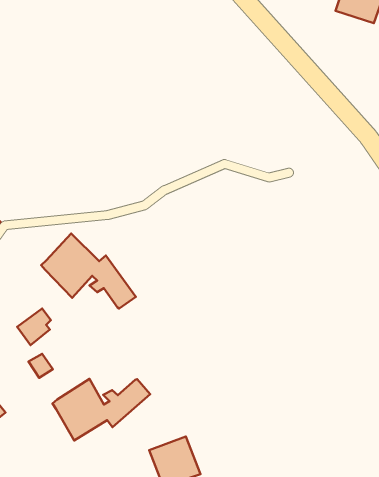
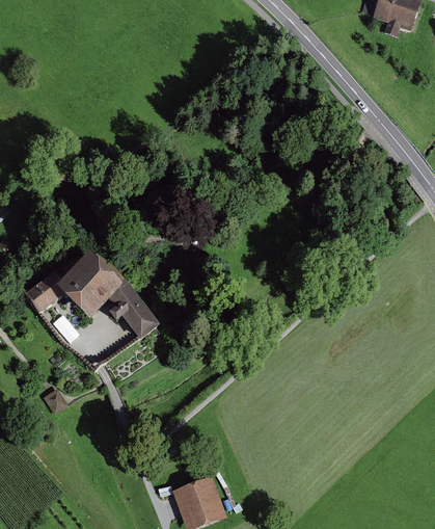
building: [17,308,51,345] -> [23,271,59,311]
building: [52,379,150,441] -> none

